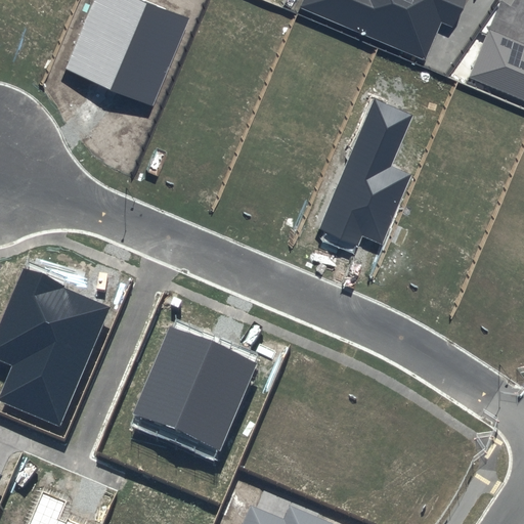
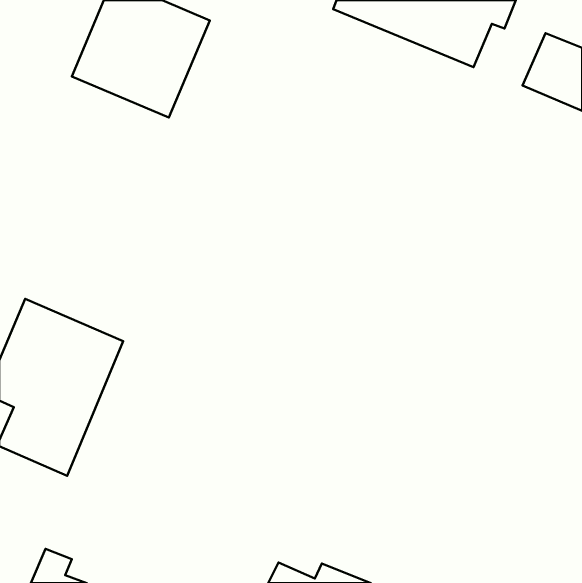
building: [318,100,411,246] -> none
building: [132,326,257,452] -> none

